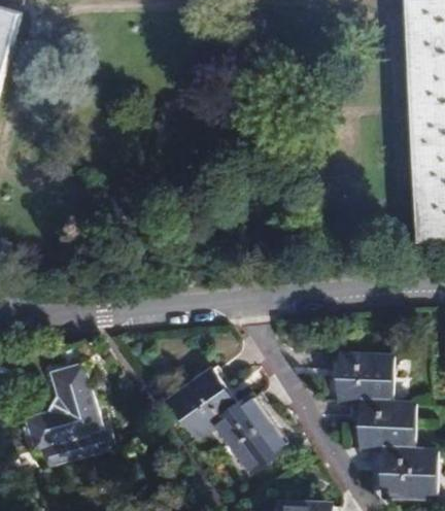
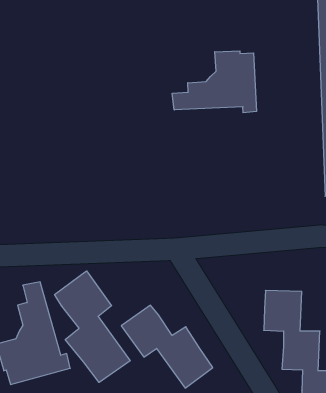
building: none -> [172,51,257,113]
building: none -> [55,271,130,382]

